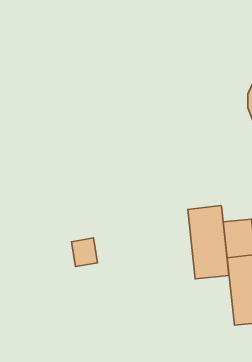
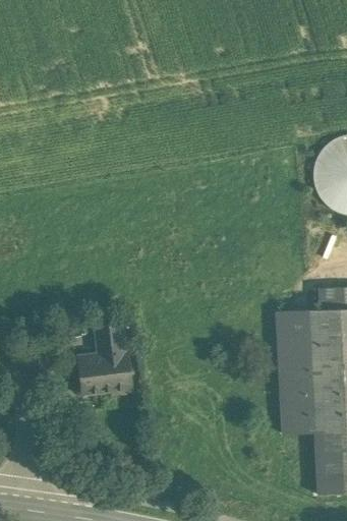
building: [188,205,229,279] -> none
building: none -> [78,351,132,394]

